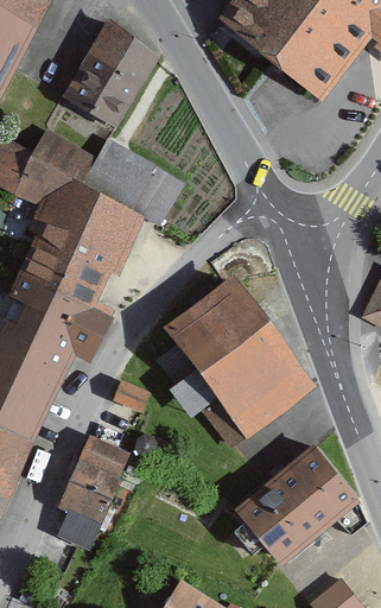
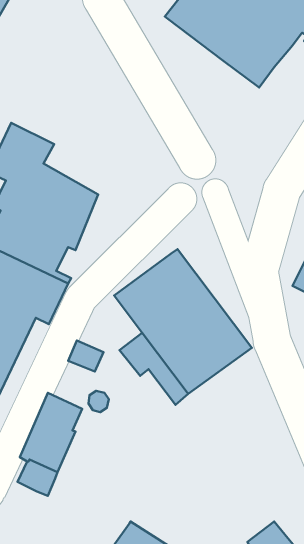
building: [63,18,158,128] -> none
building: [84,138,184,227] -> none
building: [235,446,367,563] -> none

